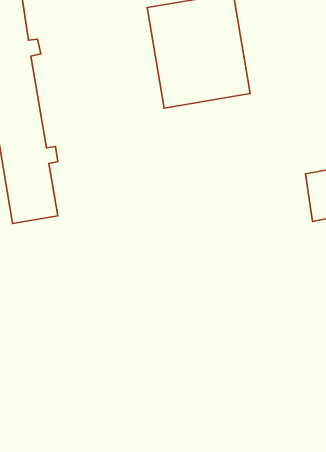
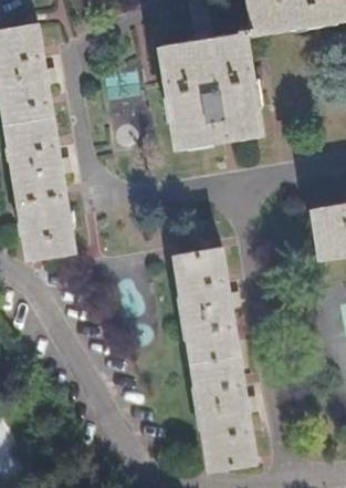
building: none -> [176,250,256,468]

